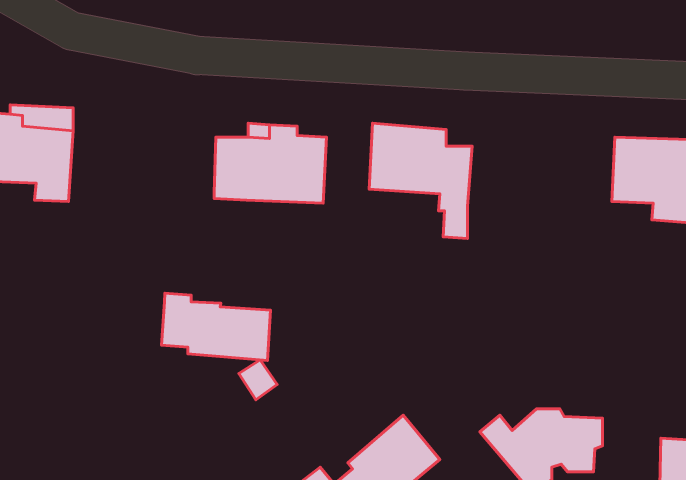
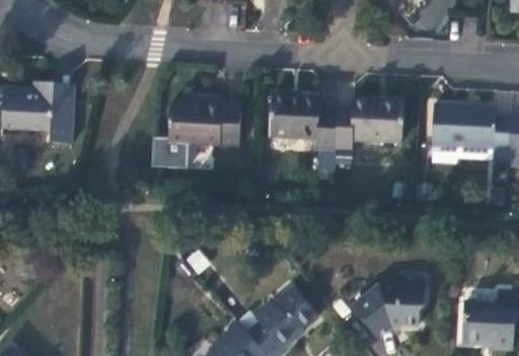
building: none -> [335,98,403,149]
building: none -> [151,139,189,170]
building: [162,293,270,360] -> none

